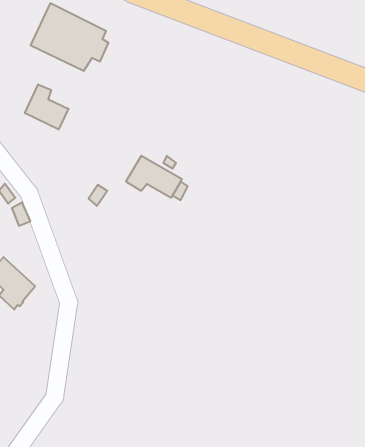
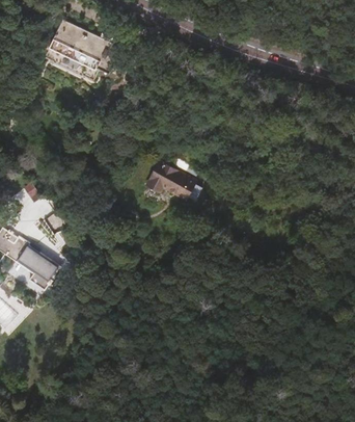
building: [25,84,69,129] -> none

